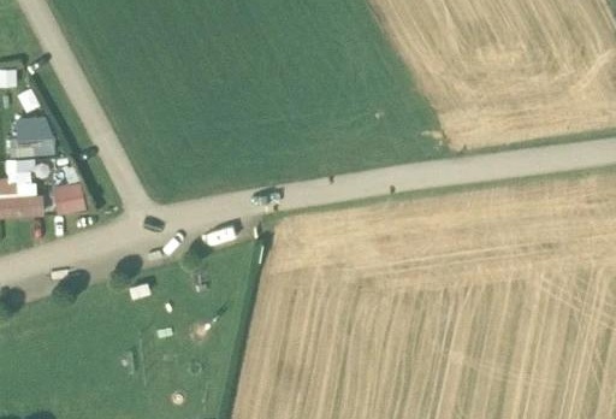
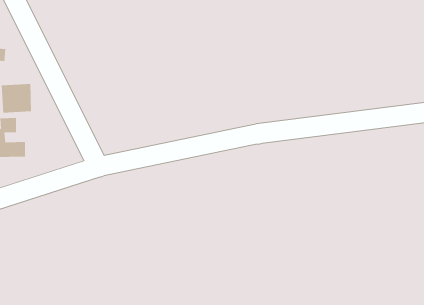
building: [52,182,85,214] -> none

